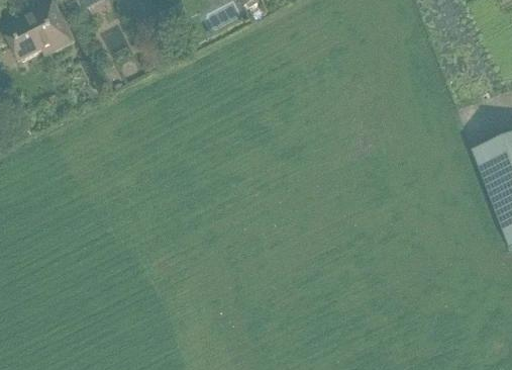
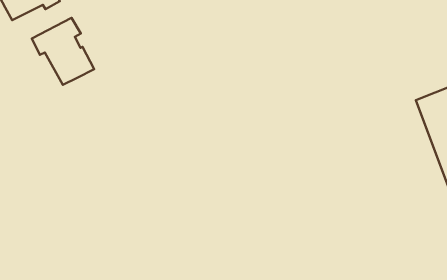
building: none -> [32,18,94,85]

